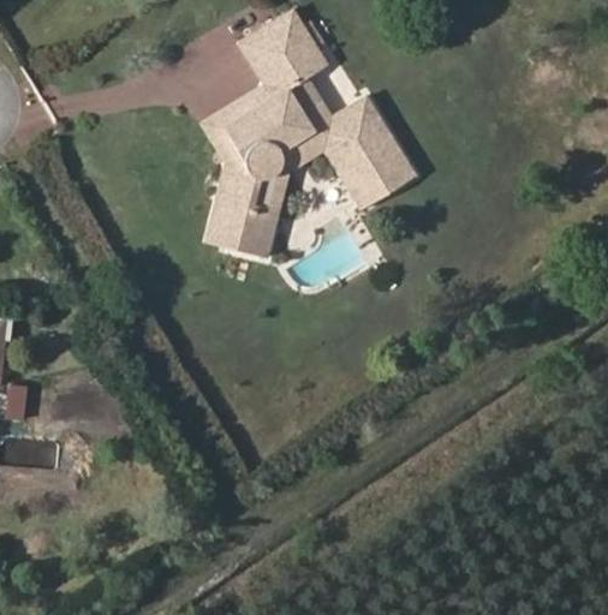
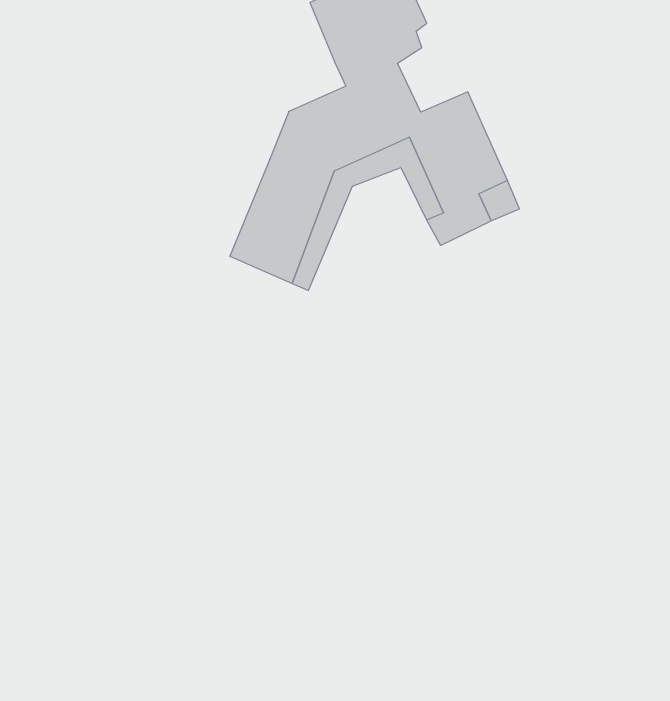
building: [198,84,274,165] -> none

